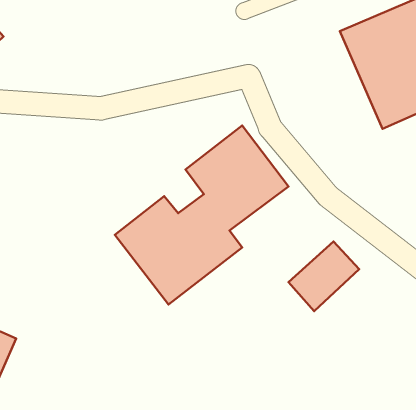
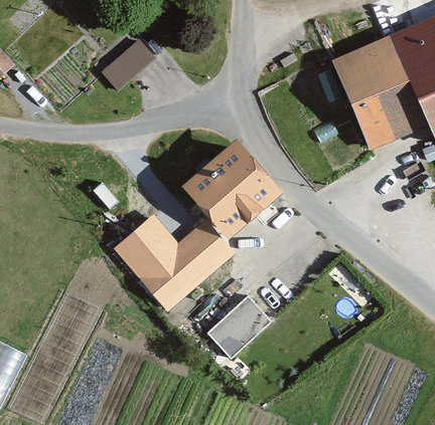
building: none -> [100,38,155,91]
building: [288,241,359,311] -> [207,289,274,355]

